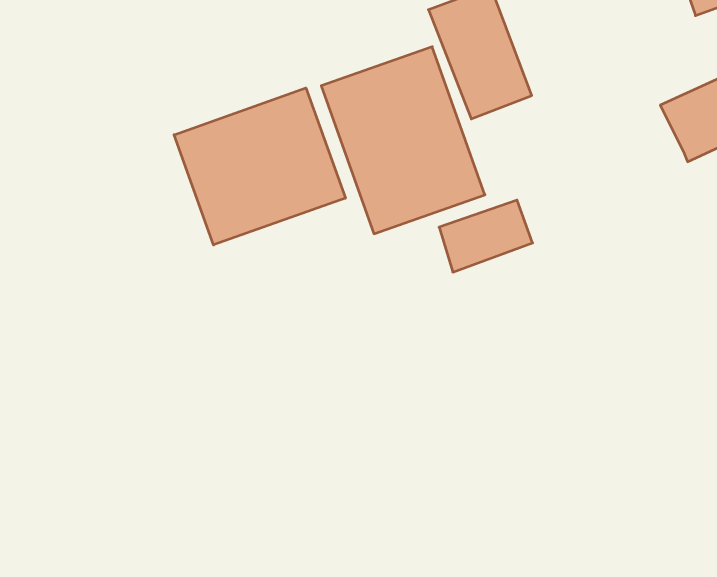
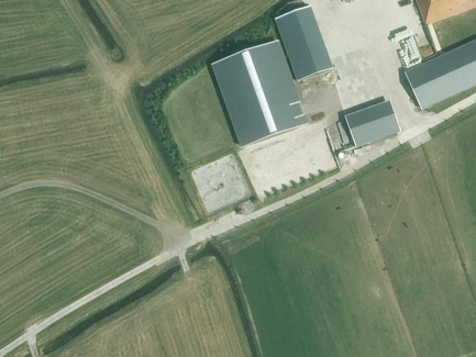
building: [174,88,345,245] -> none
building: [439,200,533,272] -> [347,104,400,145]

